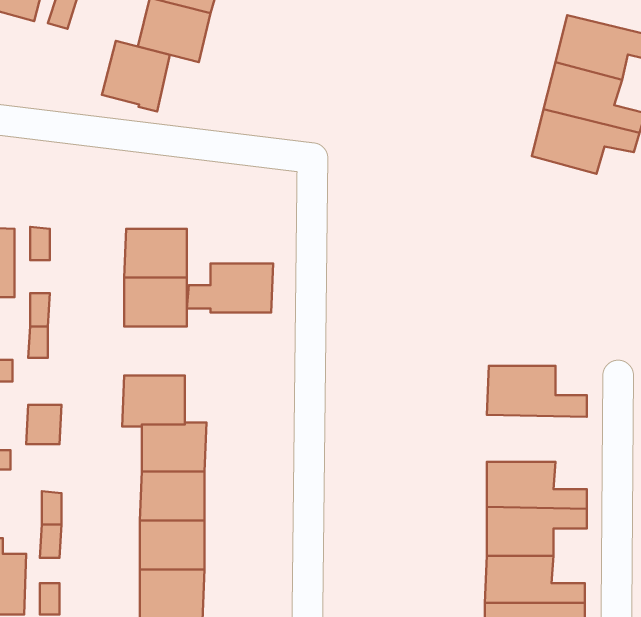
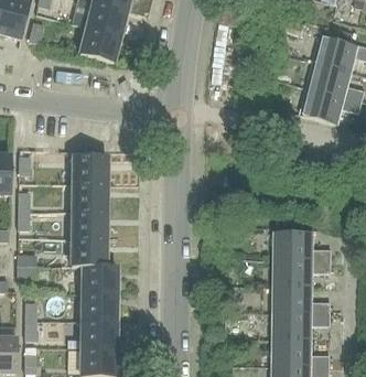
building: [102,41,170,111] -> none
building: [187,264,273,313] -> [58,211,107,238]
building: none -> [276,260,332,287]

